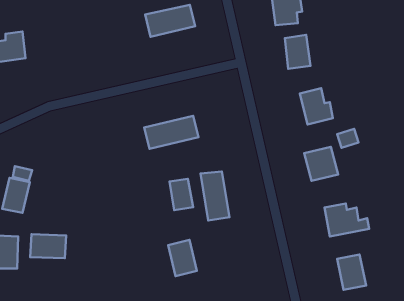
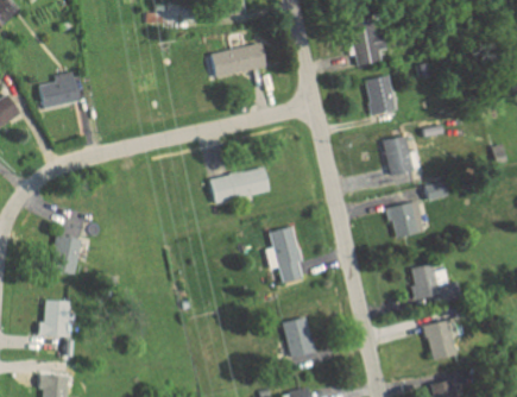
building: [169,179,193,210] -> none
building: [30,234,66,258] -> none
building: [168,240,197,276] -> [283,317,315,358]

